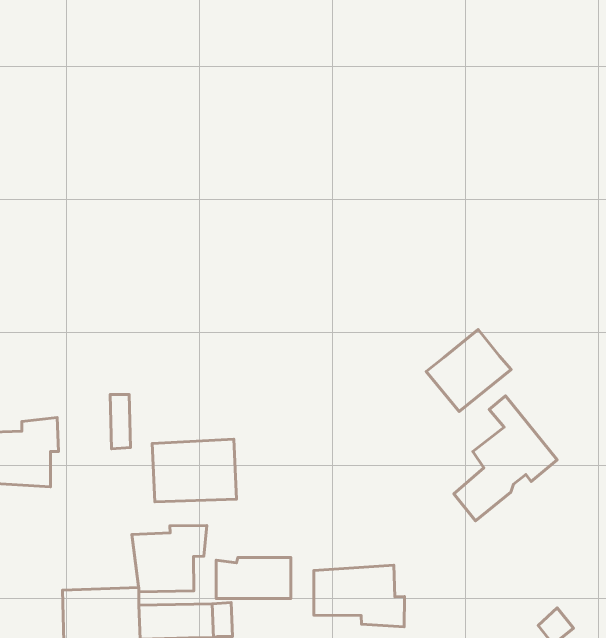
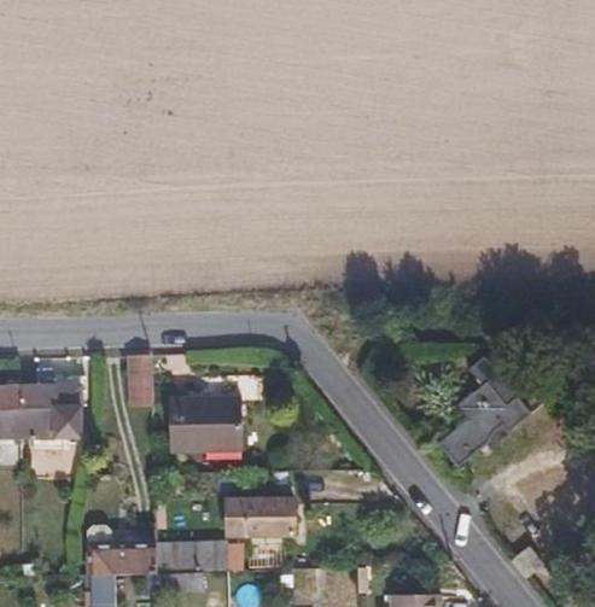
building: [426,329,511,412] -> none
building: [132,525,207,592] -> none
building: [314,565,405,627] -> none

